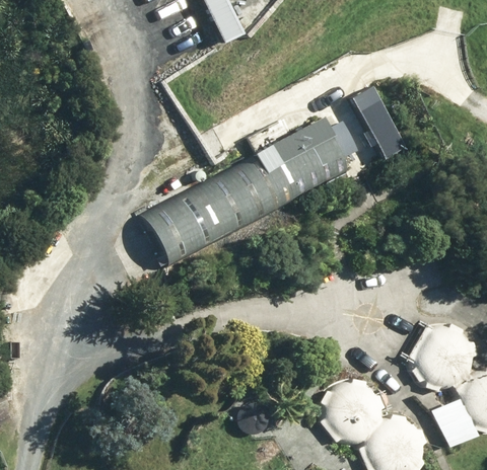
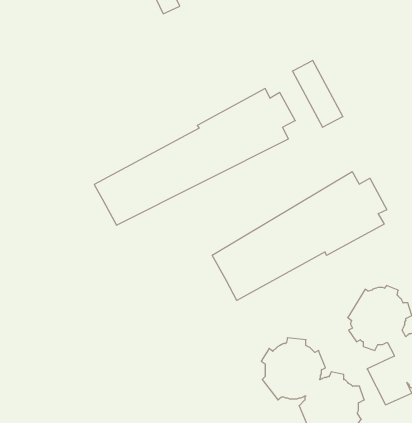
building: none -> [212,172,387,300]

